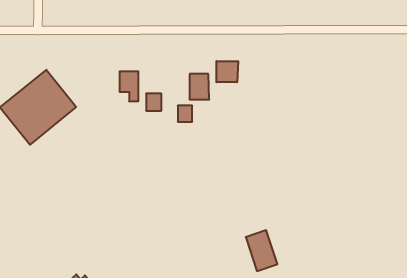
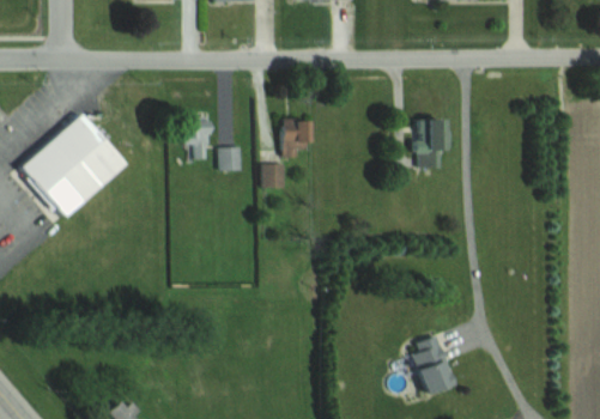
building: [216,61,238,82] -> none
building: none -> [413,120,444,169]
building: [246,230,277,271] -> [410,336,454,394]

